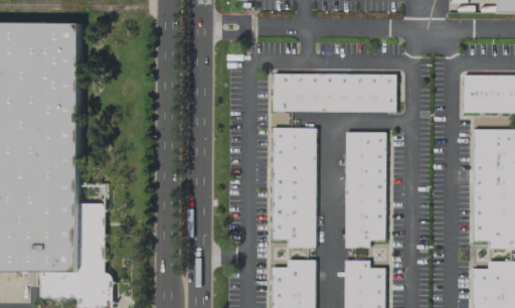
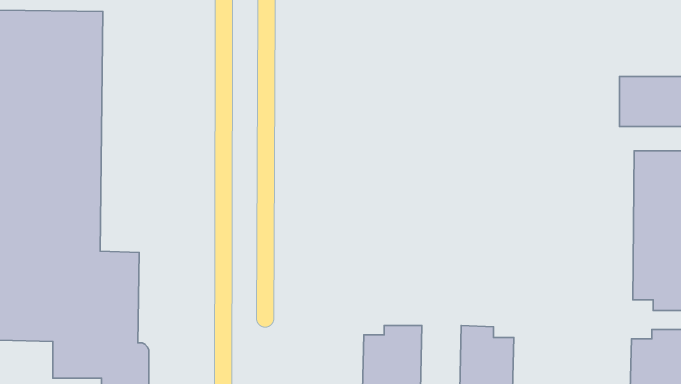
building: [272,73,395,111] -> none
building: [271,128,315,247] -> none
building: [344,131,384,246] -> none

